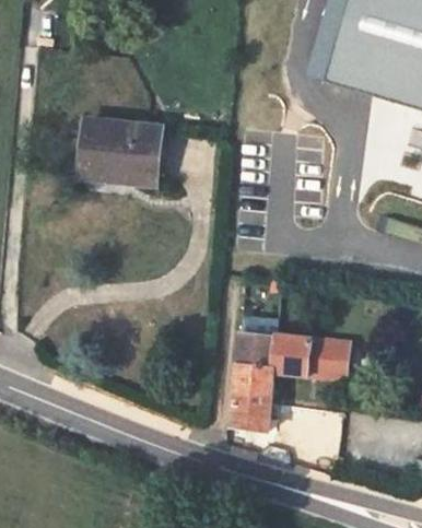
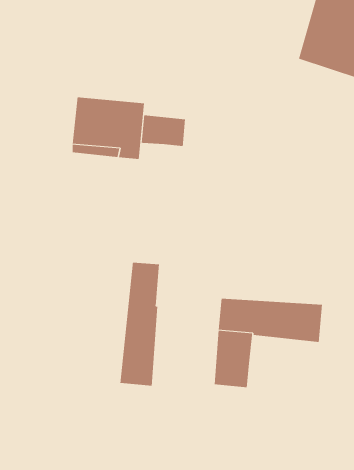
building: none -> [141,115,186,147]
building: none -> [120,262,160,386]

